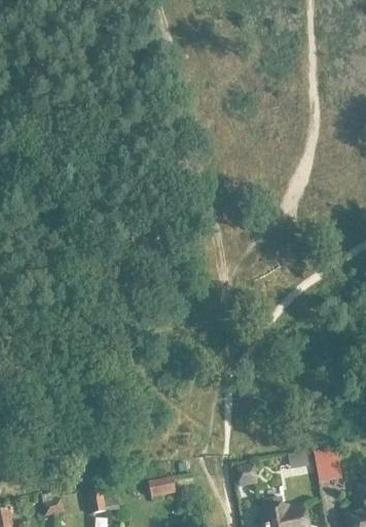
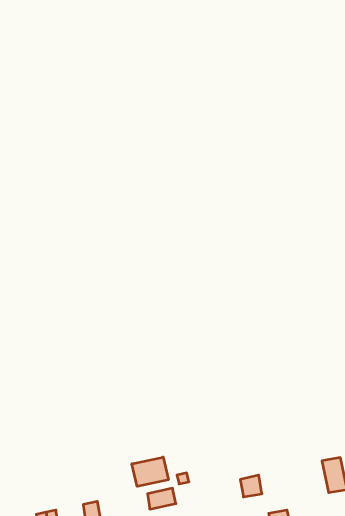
building: none -> [132,457,168,486]

